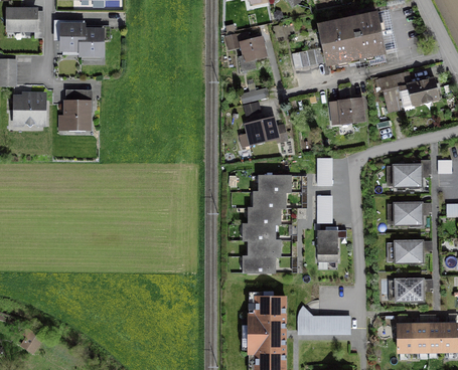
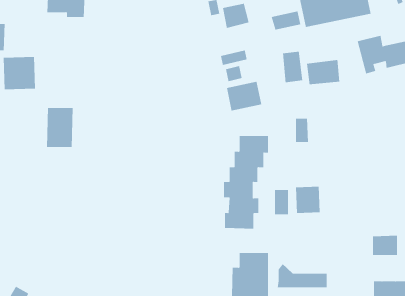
building: none -> [282,51,303,83]
building: [63,91,92,133] -> [46,107,73,147]
building: [393,164,418,183] -> none
building: [315,195,330,221] -> [274,189,289,215]
building: [392,201,418,221] -> none
building: [391,238,420,261] -> none

